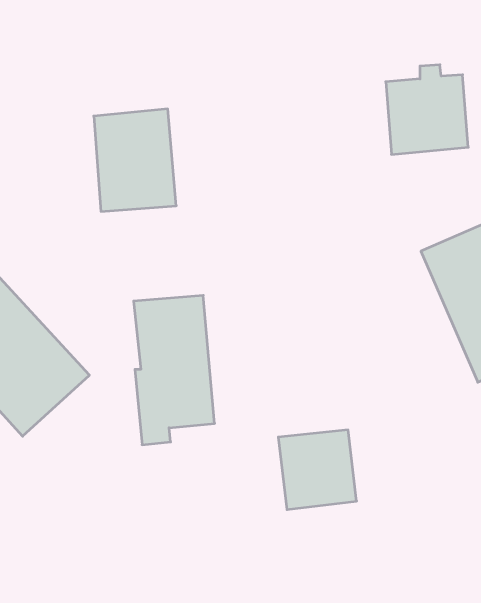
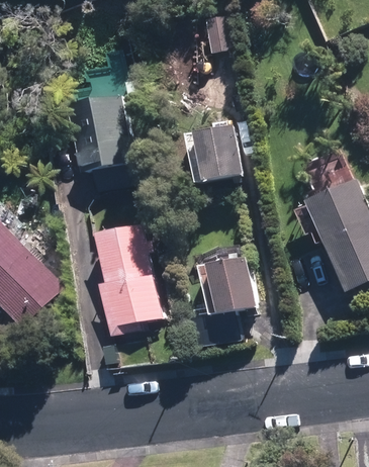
building: [386,65,468,154] -> [186,118,245,182]
building: [278,430,357,510] -> [200,256,256,312]

